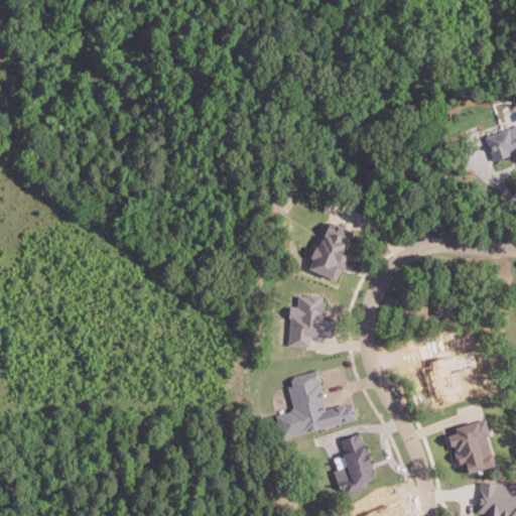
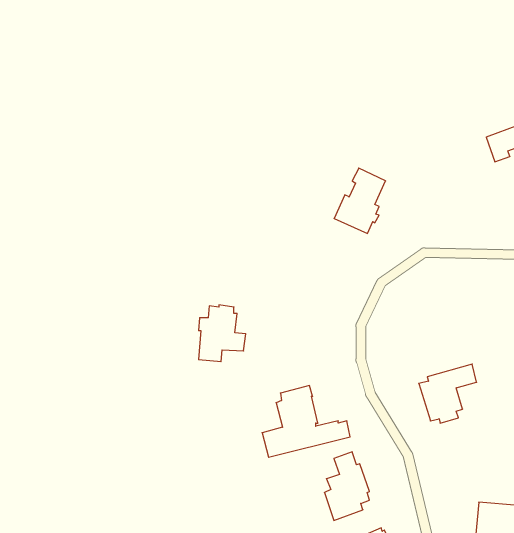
building: [304,220,353,281] -> [334,168,386,233]
building: [287,295,332,349] -> [199,305,246,362]
building: [447,420,495,475] -> none

